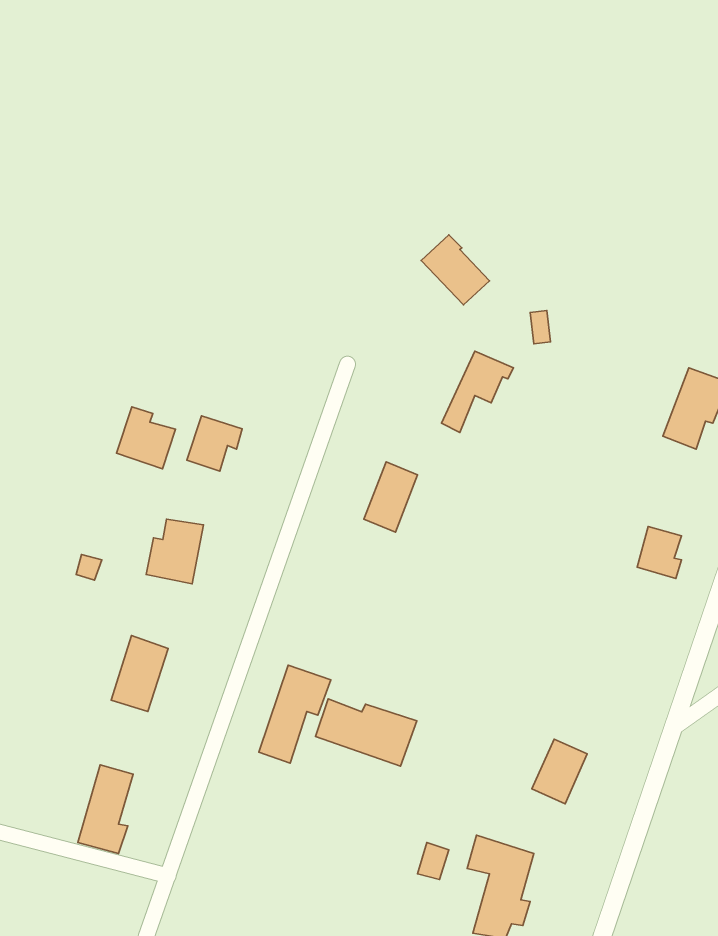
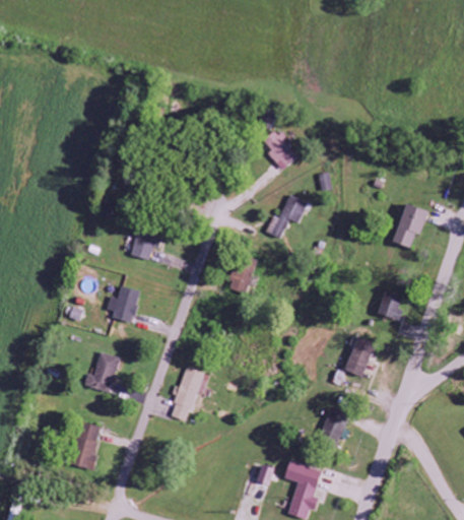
building: [117,407,176,469] -> none
building: none -> [346,337,374,376]
building: [315,699,417,766] -> none

